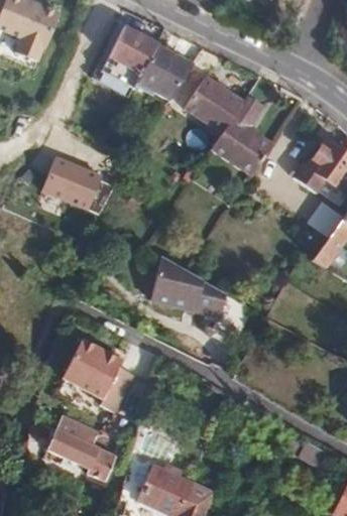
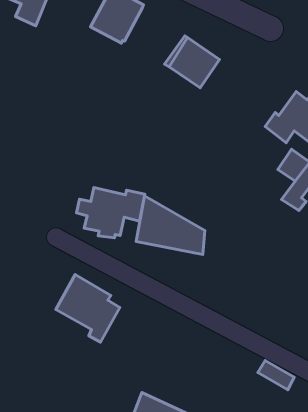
building: [138,45,195,101] -> none
building: [212,96,274,176] -> none
building: [42,146,101,196] -> none
building: none -> [77,188,145,238]
building: [46,415,115,481] -> none

